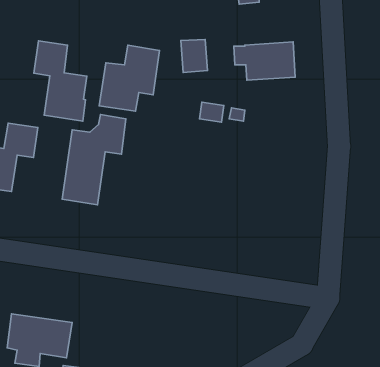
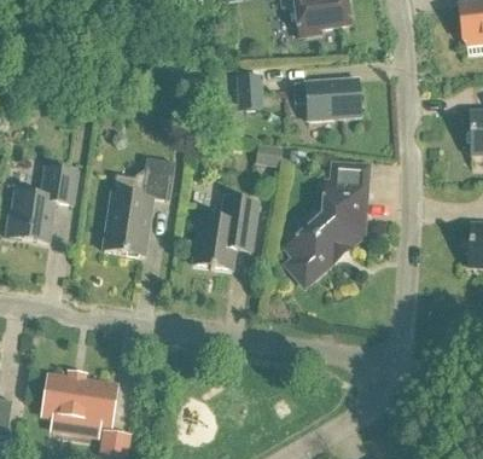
building: [34,41,87,121] -> none
building: [99,45,160,111] -> [192,197,258,269]
building: none -> [287,164,365,279]

